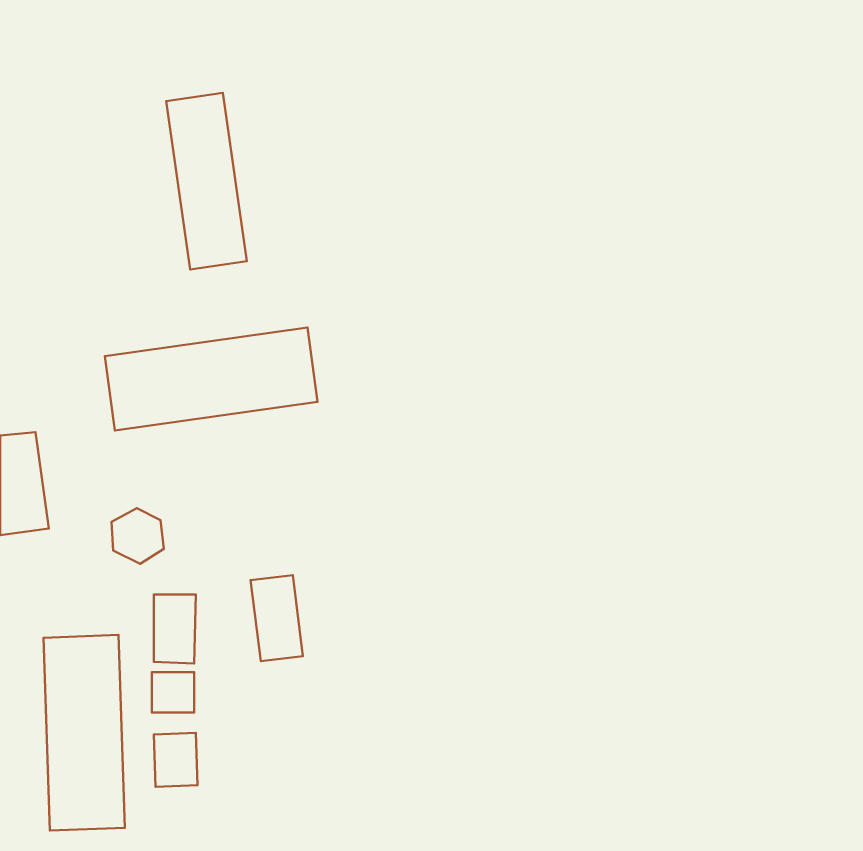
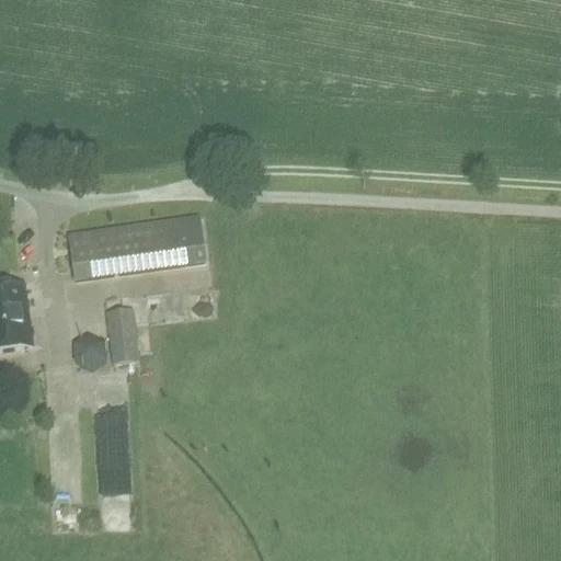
building: [166,93,247,269] -> none
building: [251,575,303,661] -> [105,306,139,362]
building: [44,635,125,830] -> none

